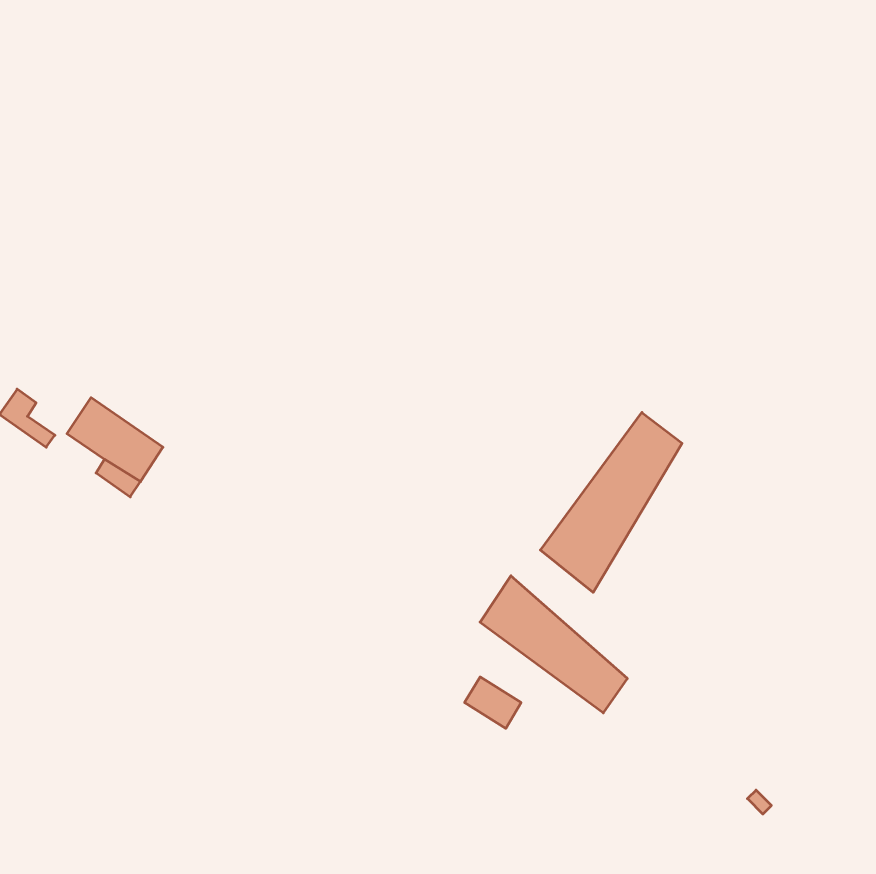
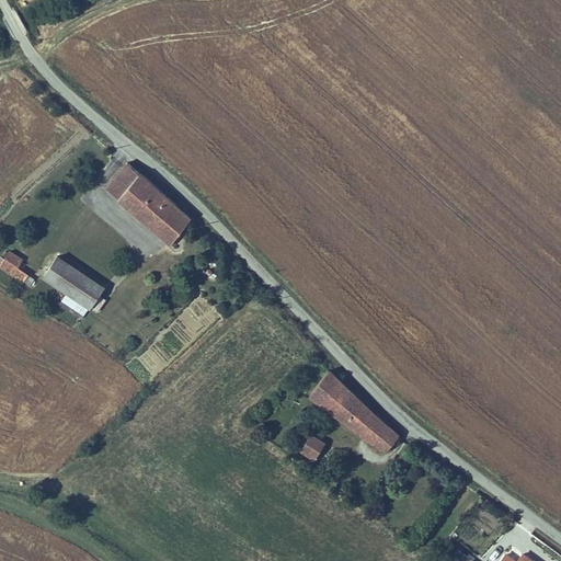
building: none -> [104,163,190,243]
building: [540,412,682,592] -> none

